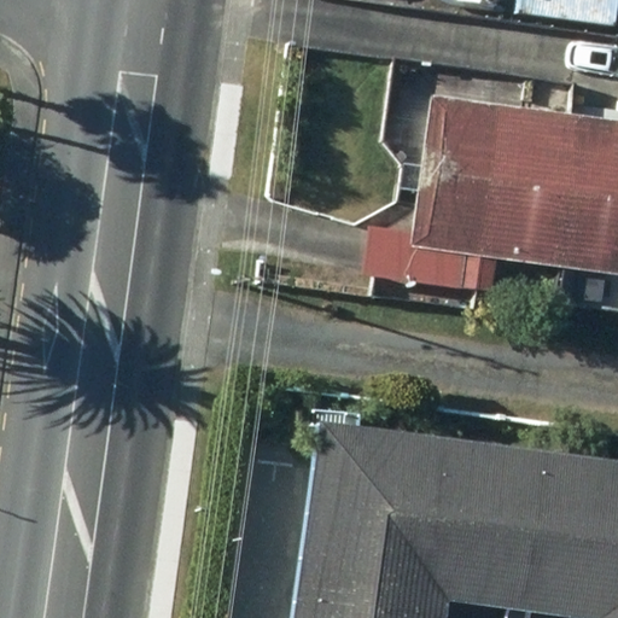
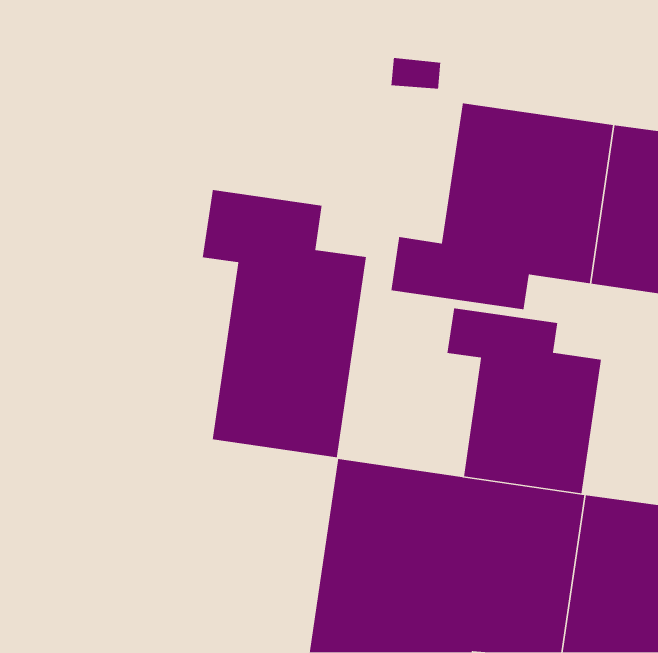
building: none -> [202,189,367,458]
building: none -> [447,307,602,494]

